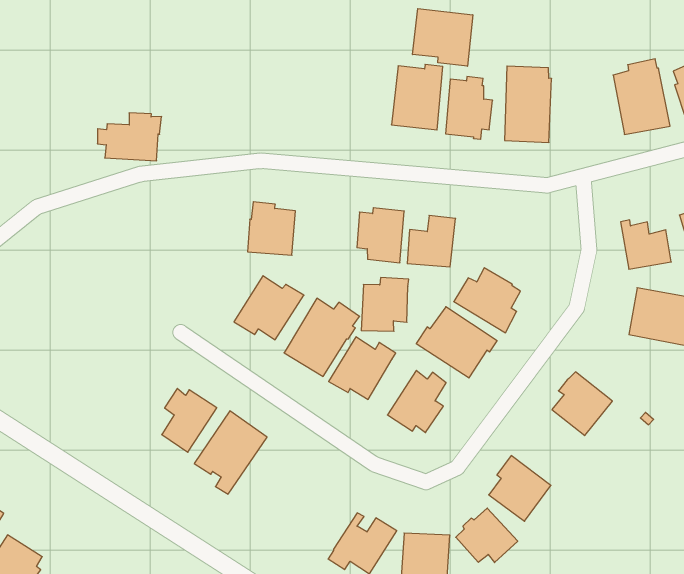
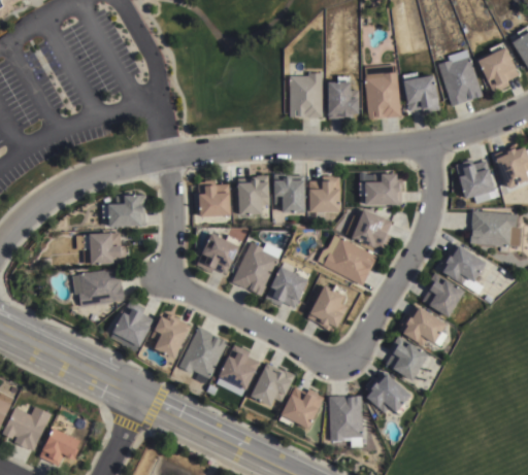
building: [413,9,473,66] -> none
building: none -> [402,73,438,112]
building: [97,113,162,161] -> [101,193,144,227]
building: none -> [359,171,403,205]
building: none -> [82,232,125,265]
building: [361,278,409,331] -> [237,175,270,214]
building: none -> [72,269,123,308]
building: none -> [441,245,485,294]
building: none -> [111,308,152,347]
building: none -> [400,305,444,344]
building: none -> [217,345,259,397]
building: none -> [251,367,294,406]

